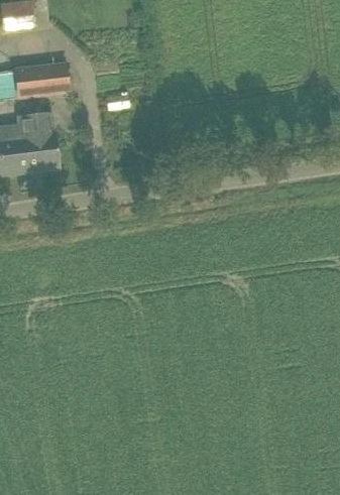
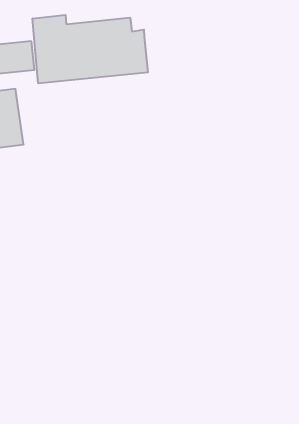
building: none -> [33,15,148,83]

